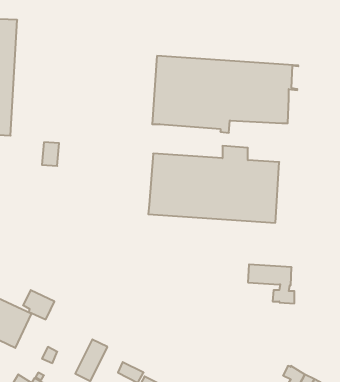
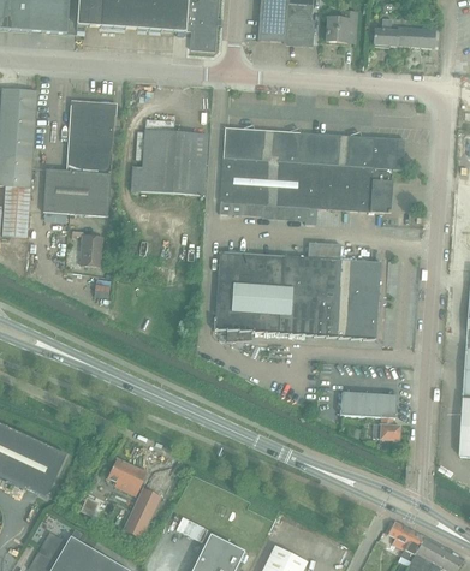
building: none -> [42,101,114,215]
building: none -> [131,130,207,195]
building: [23,290,54,319] -> [107,457,147,494]

